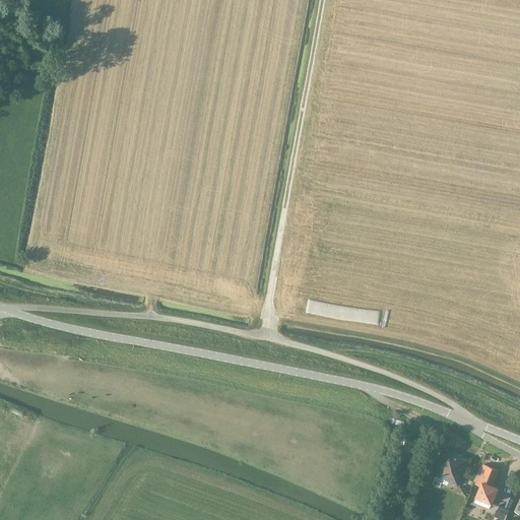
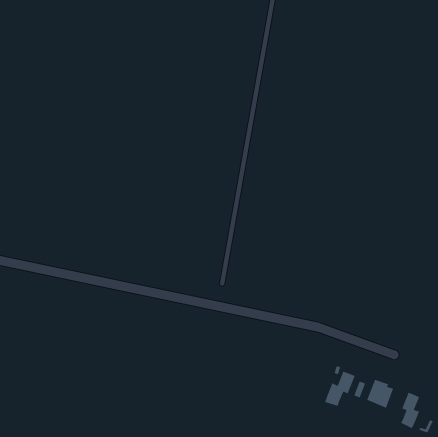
building: none -> [324,371,356,407]

